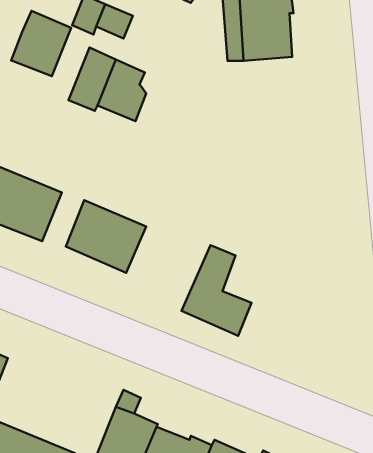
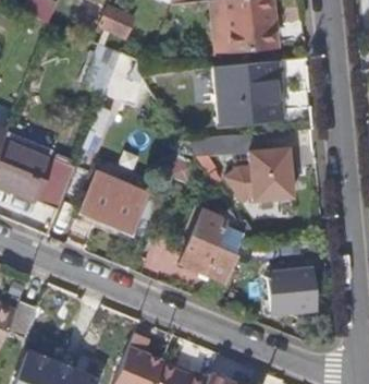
building: [11,11,71,76] -> none
building: none -> [214,65,280,129]
building: none -> [188,136,295,205]
building: none -> [269,271,312,308]

